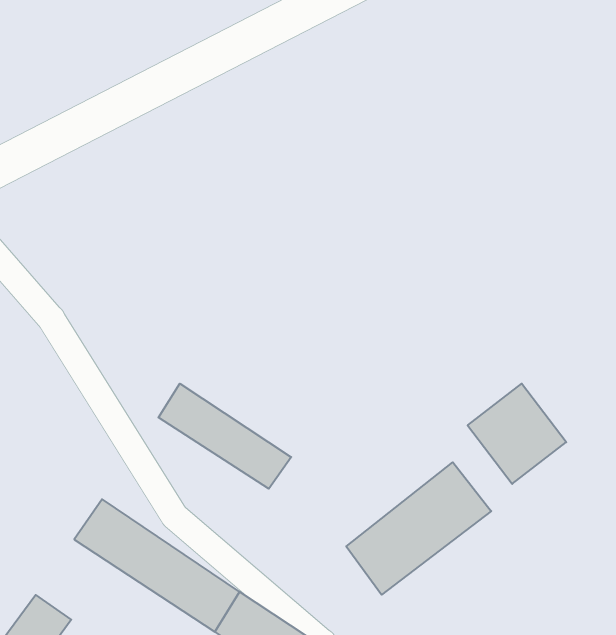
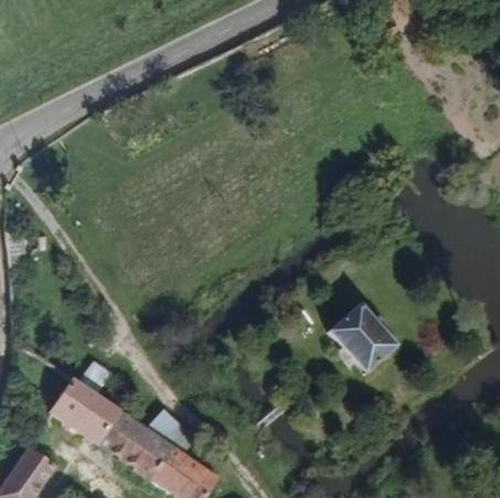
building: [158,384,291,489] -> none
building: [346,462,491,595] -> none

